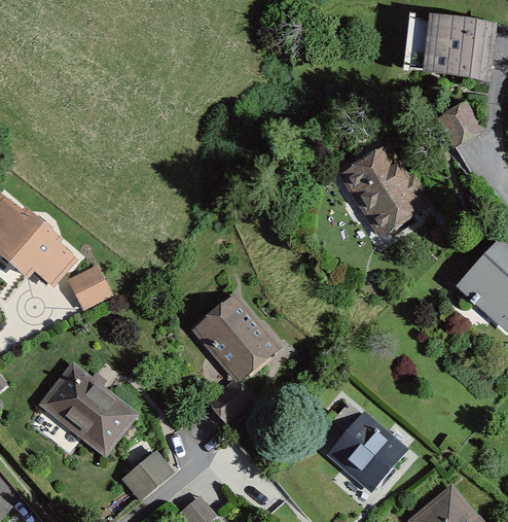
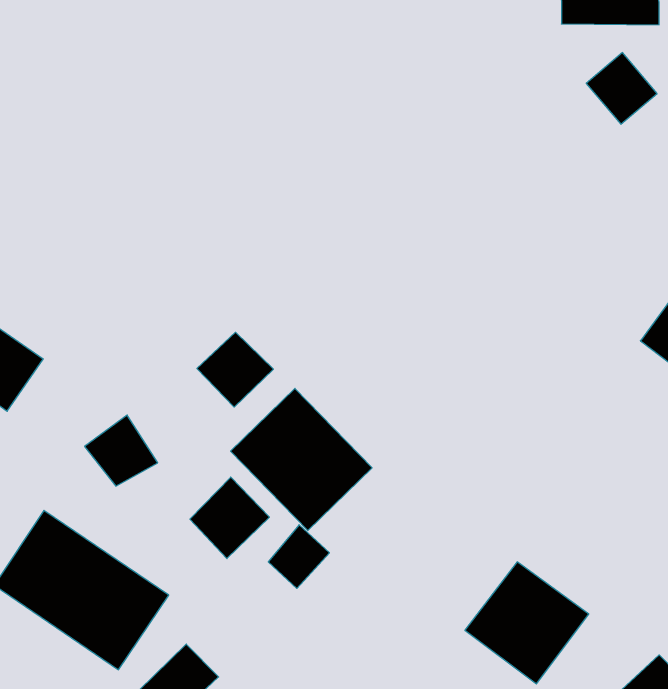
building: [341,145,429,239] -> none
building: none -> [197,332,273,407]
building: [66,262,111,306] -> [85,415,158,486]
building: none -> [190,477,269,559]

